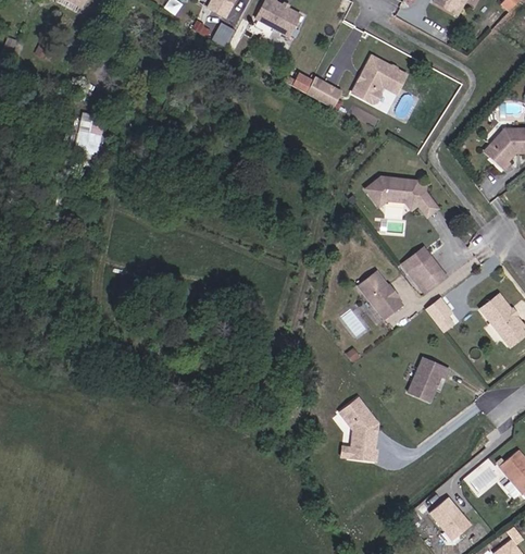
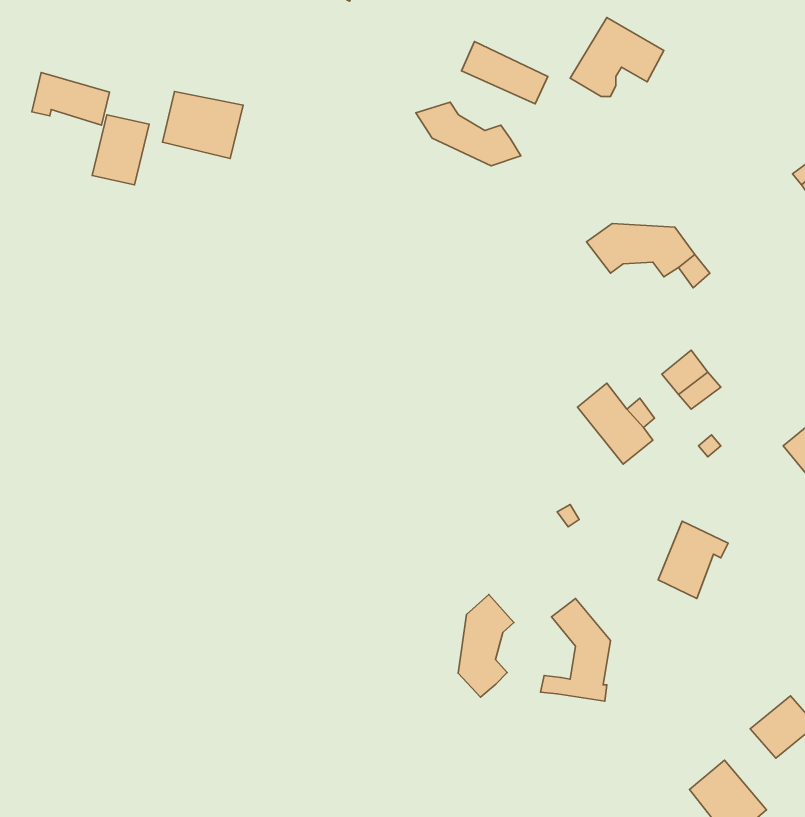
building: none -> [32,72,109,125]
building: none -> [162,92,243,159]
building: none -> [416,102,521,166]
building: none -> [458,594,514,697]

